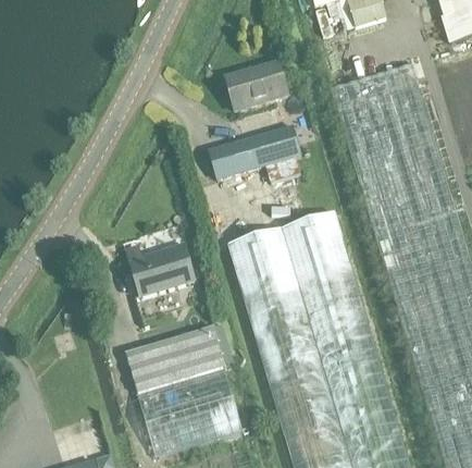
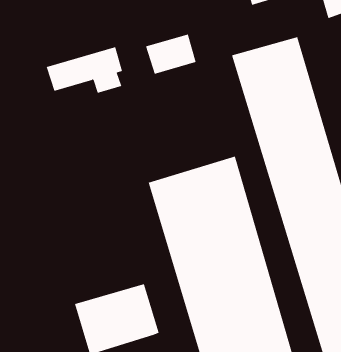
building: [208,123,302,181] -> [46,46,123,93]
building: [129,242,195,296] -> none
building: [126,324,225,391] -> none

